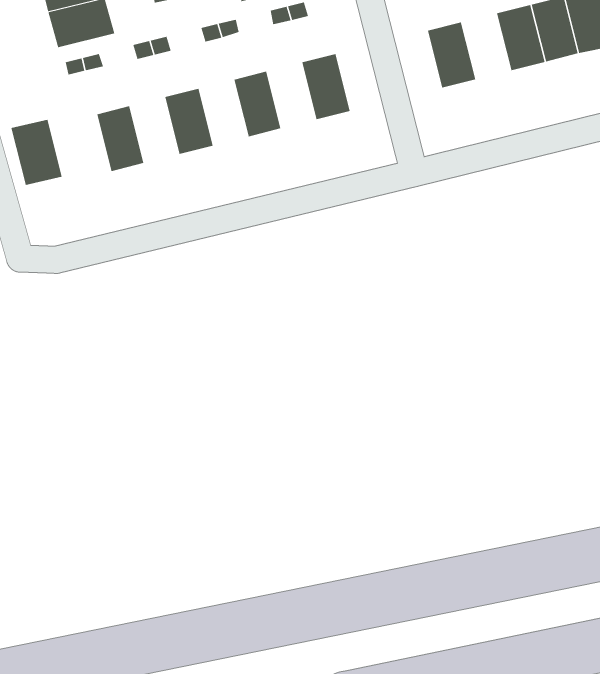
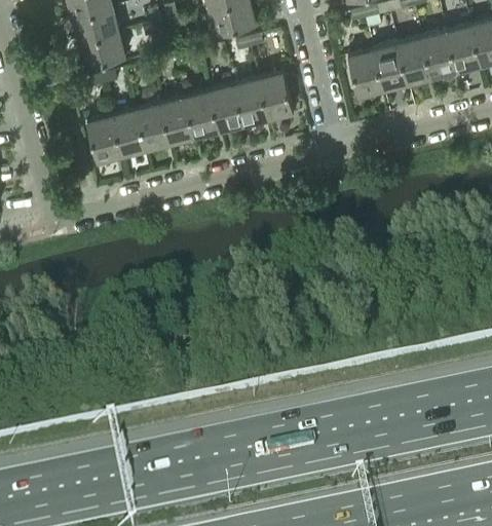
building: none -> [373,43,408,90]
building: none -> [234,78,269,125]
building: none -> [186,90,221,138]
building: none -> [137,103,172,150]
building: [11,119,63,185] -> [86,115,123,162]

